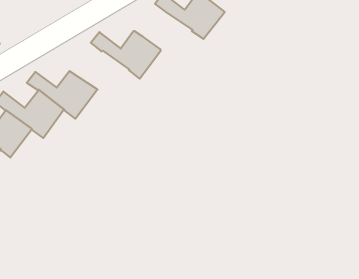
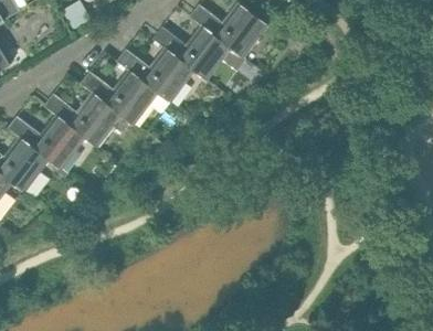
building: none -> [151,25,231,78]
building: none -> [78,70,158,124]

